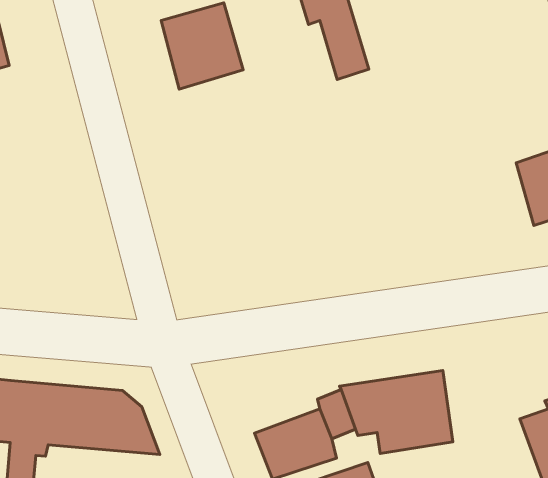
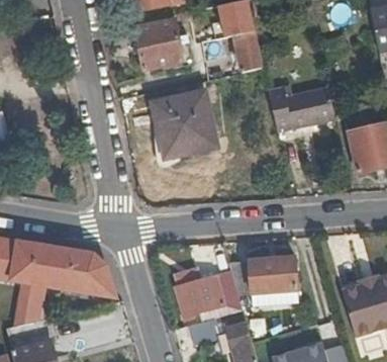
building: none -> [269,86,335,130]
building: none -> [154,90,217,157]

